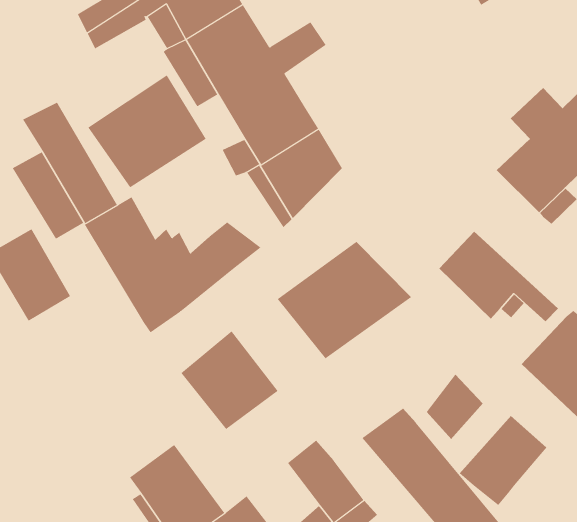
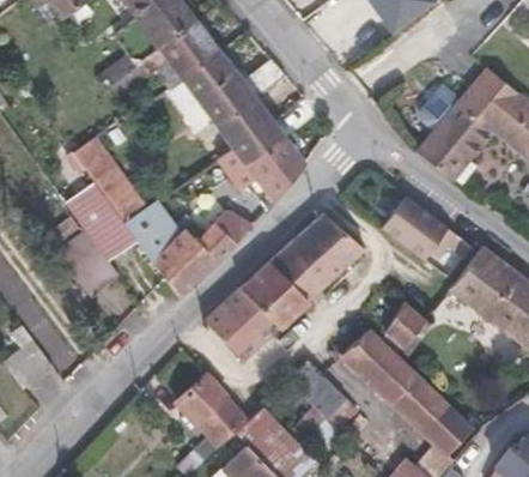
building: [88,74,206,188] -> none
building: none -> [239,261,309,328]
building: [459,415,547,506] -> none

